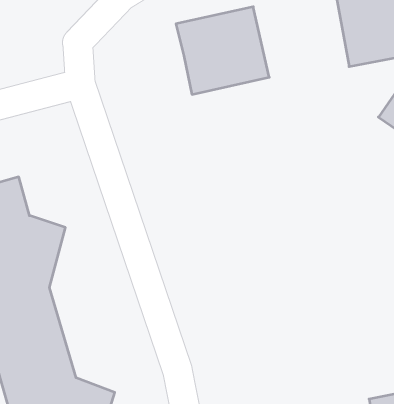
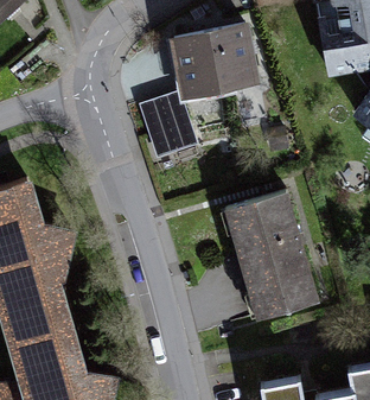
building: none -> [138,85,196,152]
building: none -> [225,192,313,316]

